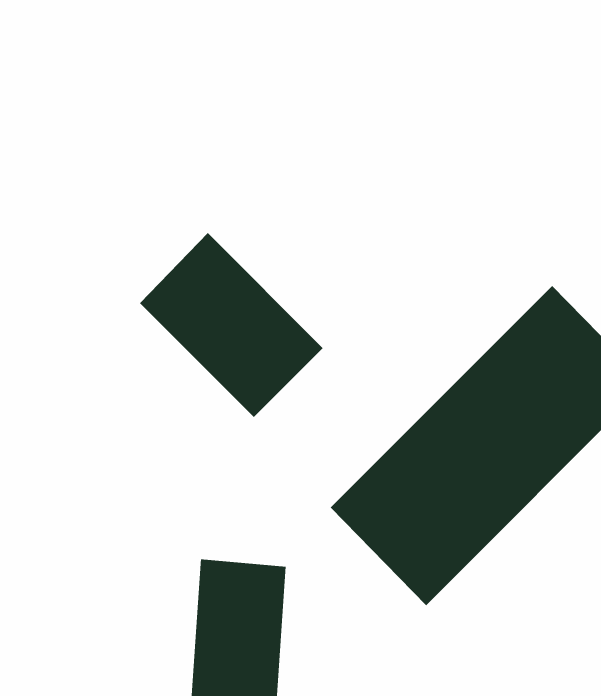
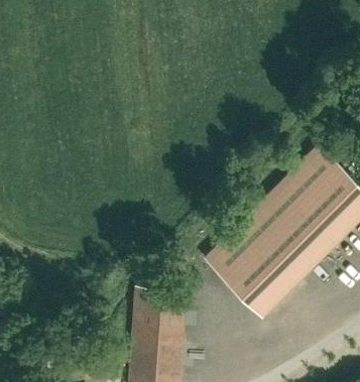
building: [139,232,324,418] -> none

